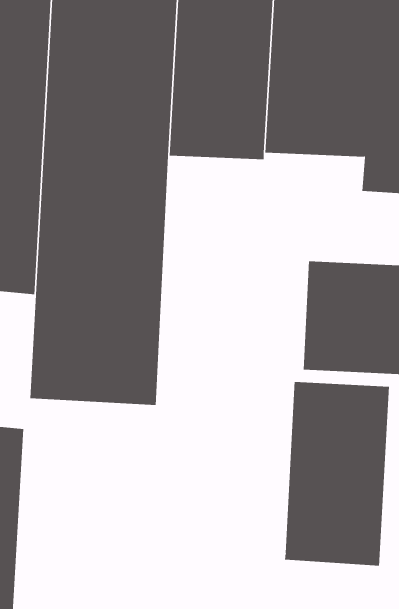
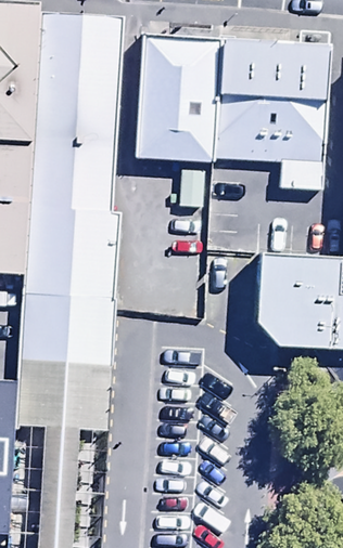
building: [284,381,389,567] -> none

